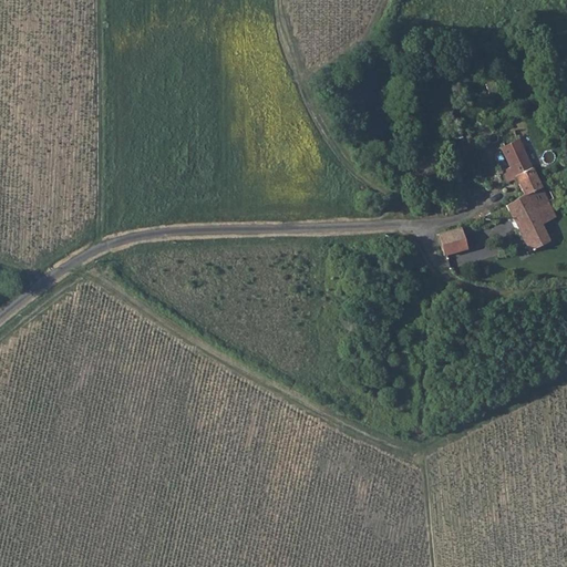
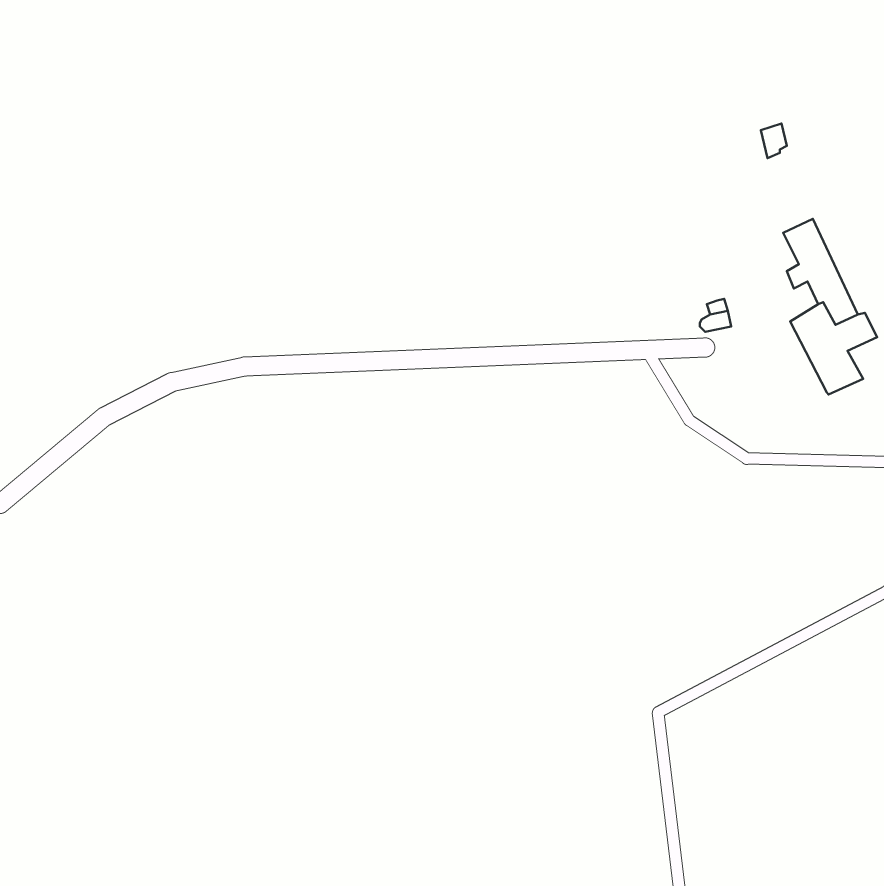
building: [439,227,467,255] -> none

